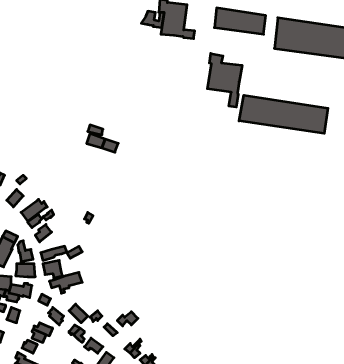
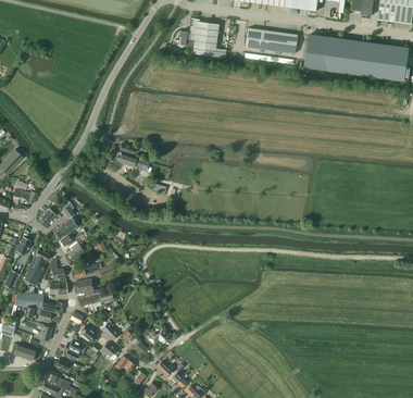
building: [207,53,242,107] -> none
building: [239,95,328,133] -> none

